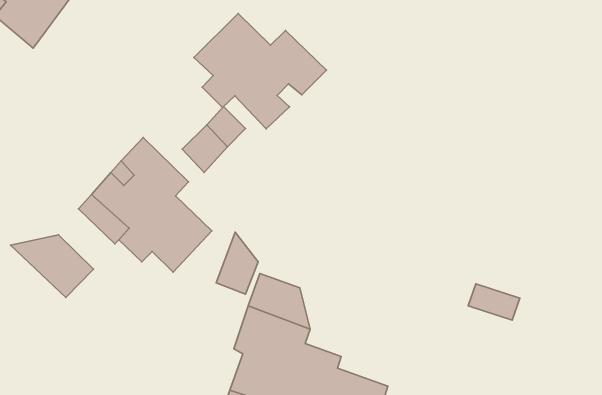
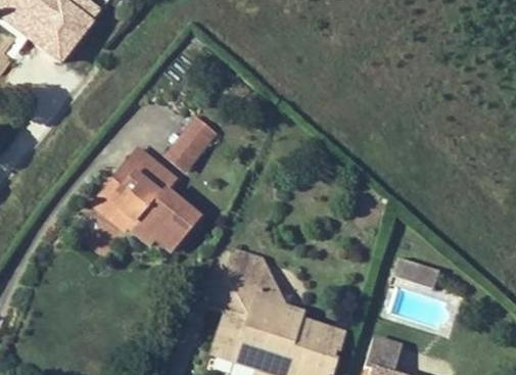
building: [194,14,326,129] -> none
building: [216,232,258,294] -> none
building: [11,235,93,298] -> none

